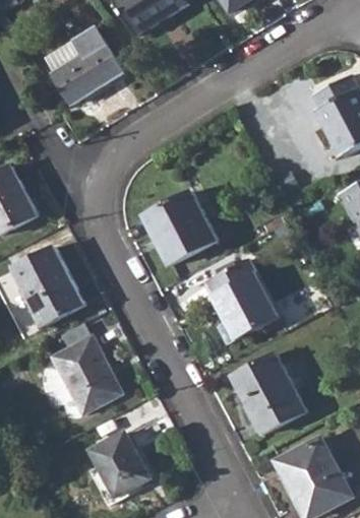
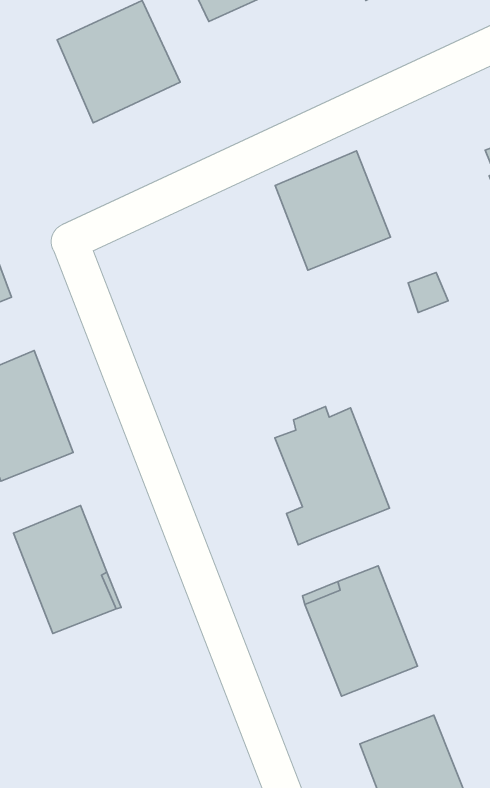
building: [141,189,215,264] -> [275,151,391,270]
building: [89,435,149,500] -> none

